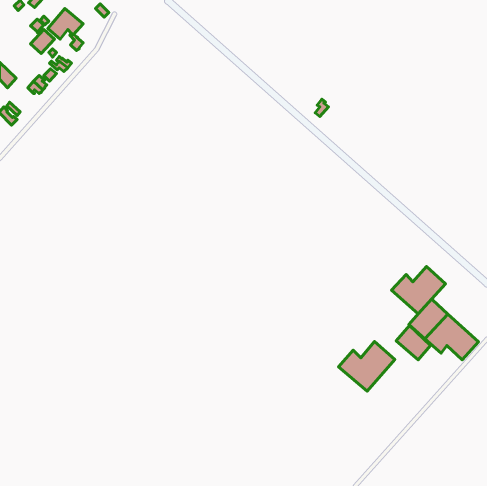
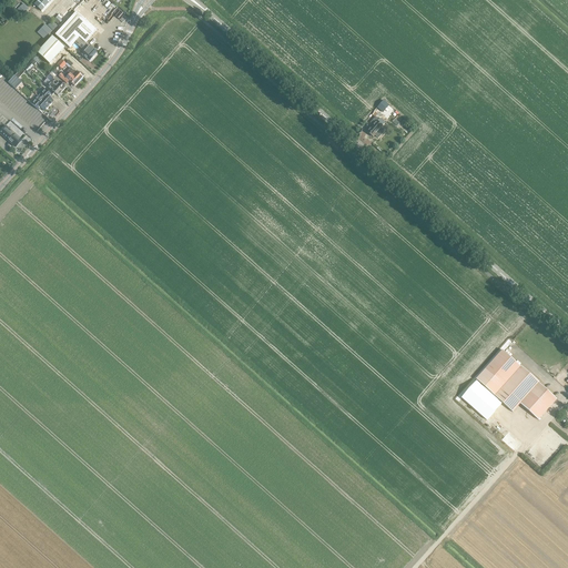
building: [392,266,445,314] -> none
building: [339,342,395,391] -> none

